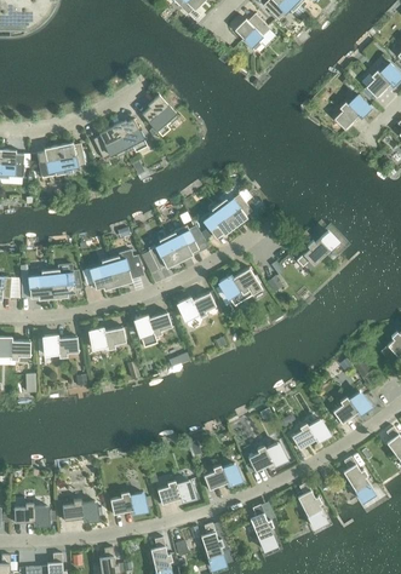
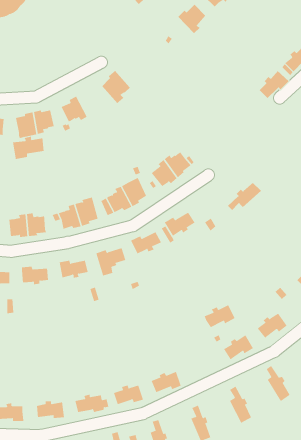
building: [111,119,147,151] -> none
building: none -> [13,136,44,160]
building: [247,442,286,471] -> [204,304,235,328]

